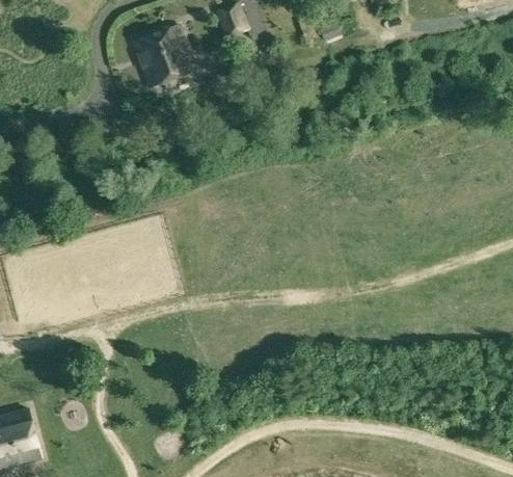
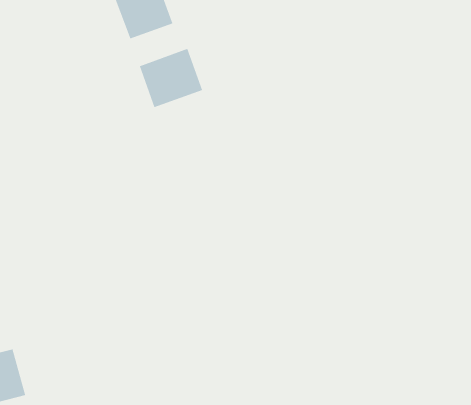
building: none -> [139,48,203,108]

